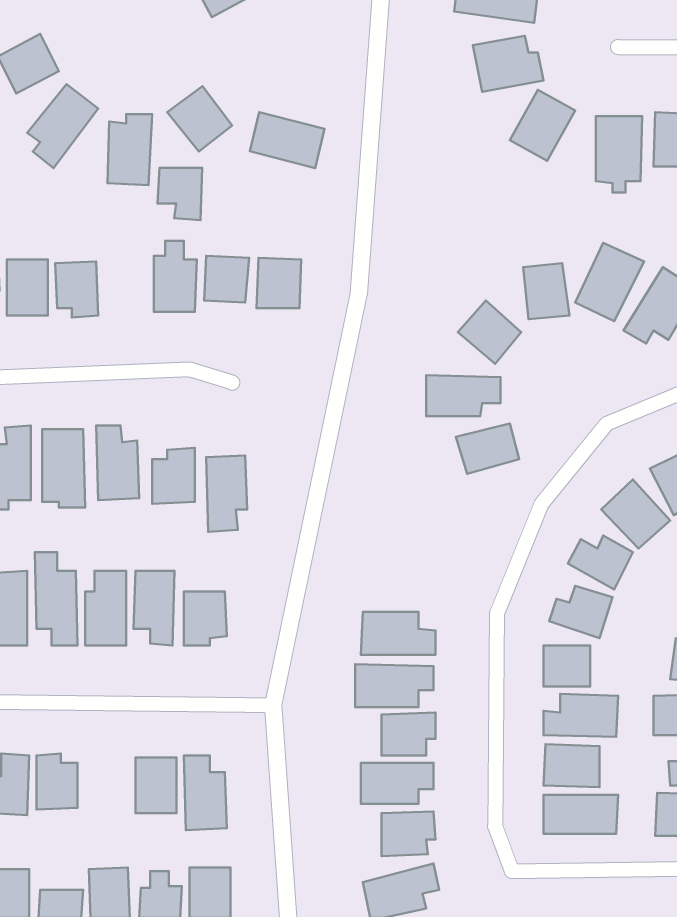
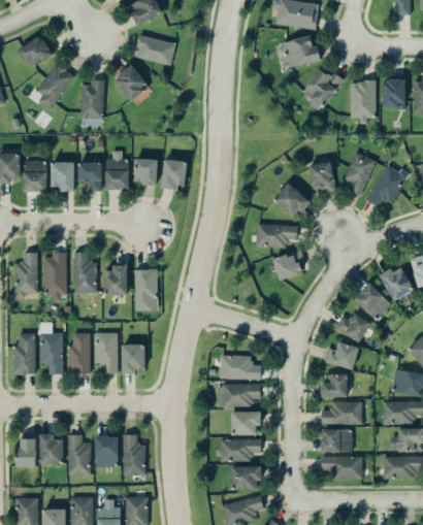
building: [250,112,324,168] -> [134,34,175,65]
building: [158,168,202,220] -> [77,162,102,191]
building: none -> [67,434,91,475]

